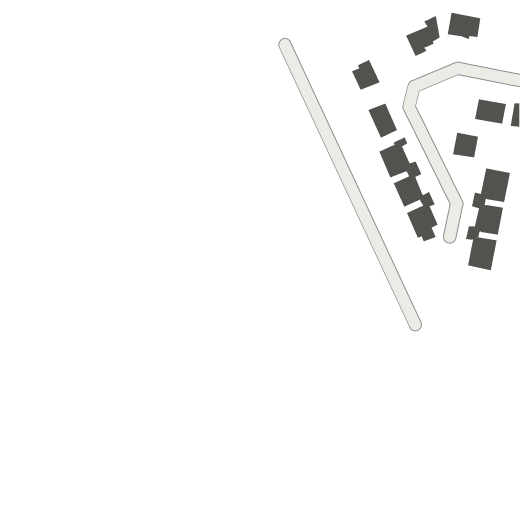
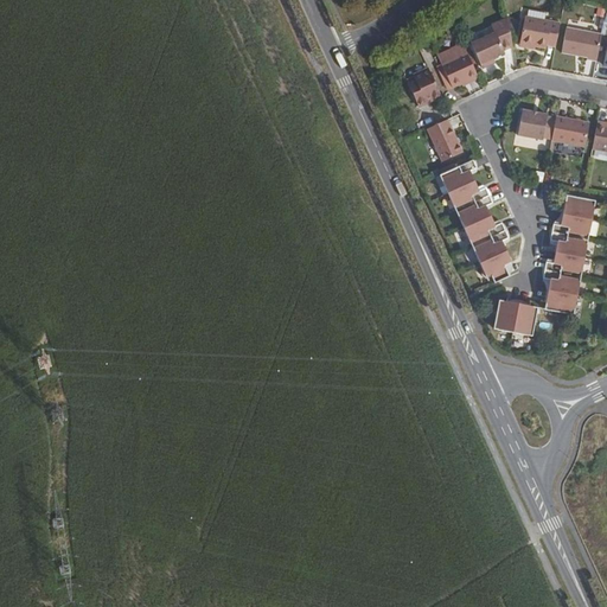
building: none -> [561,26,601,58]
building: none -> [435,51,480,90]
building: [452,132,479,158] -> [518,108,549,138]
building: none -> [492,300,537,336]

